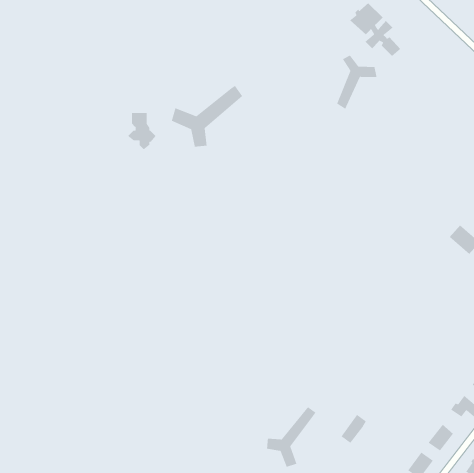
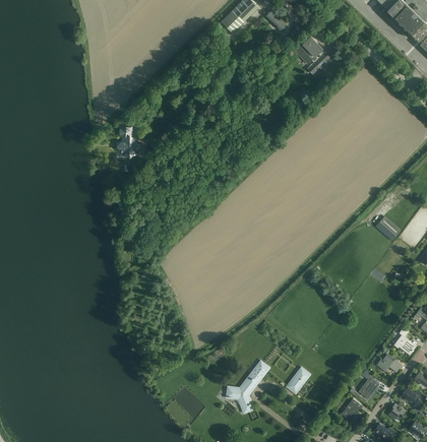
building: [336,54,378,110] -> none
building: [171,85,243,148] -> none

